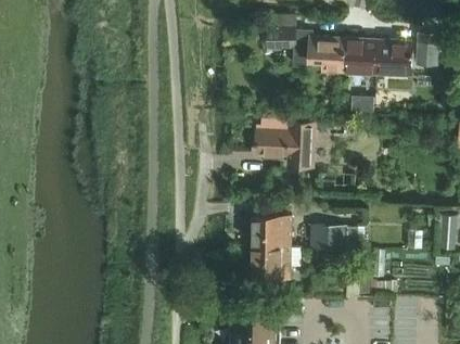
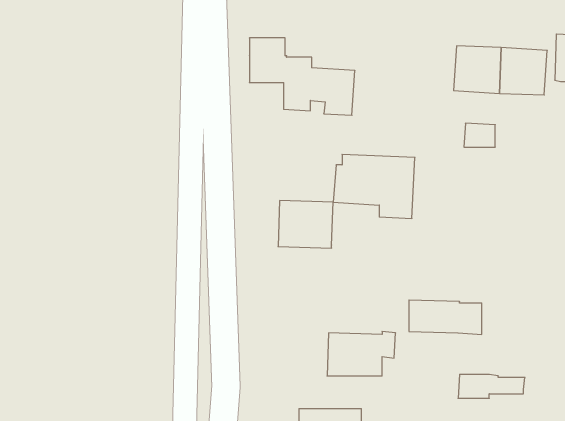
building: [269,15,346,72] -> [249,38,355,115]
building: [253,215,293,250] -> [278,201,333,248]

